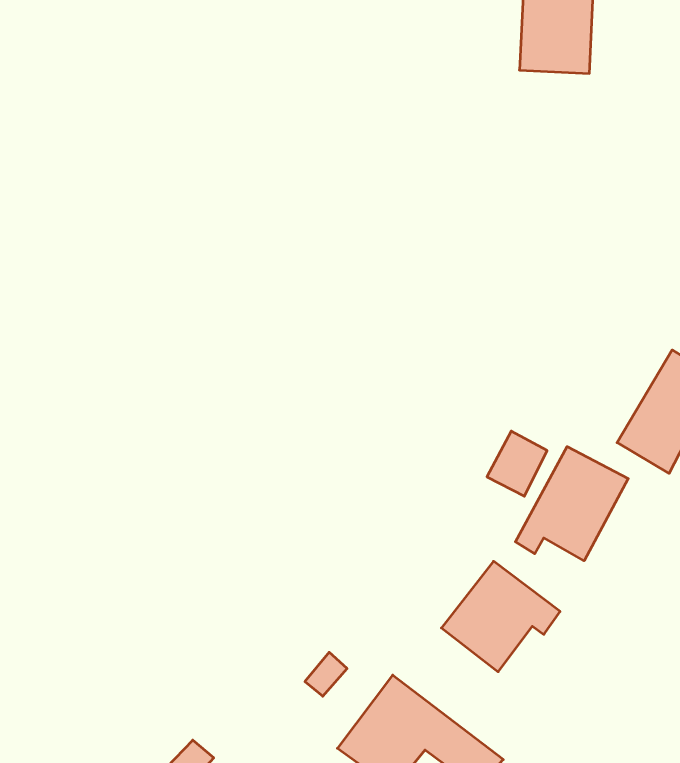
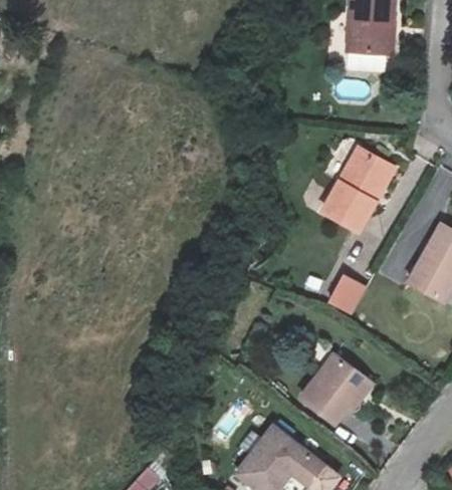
building: none -> [323,150,394,230]
building: [515,447,628,561] -> none

